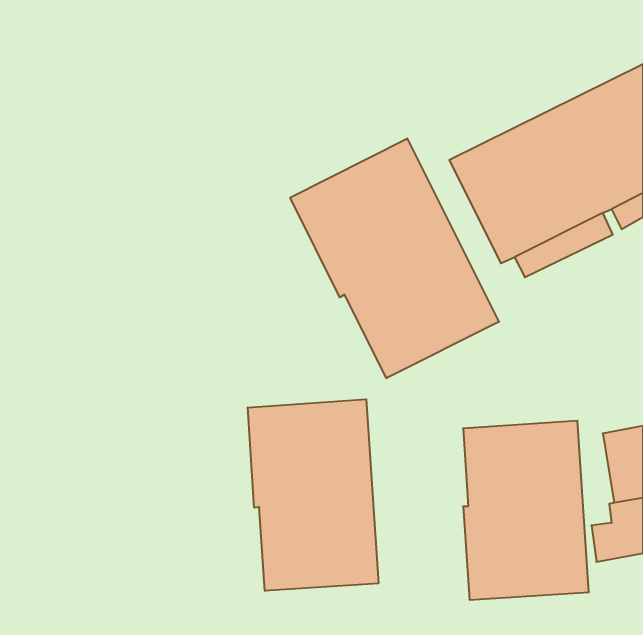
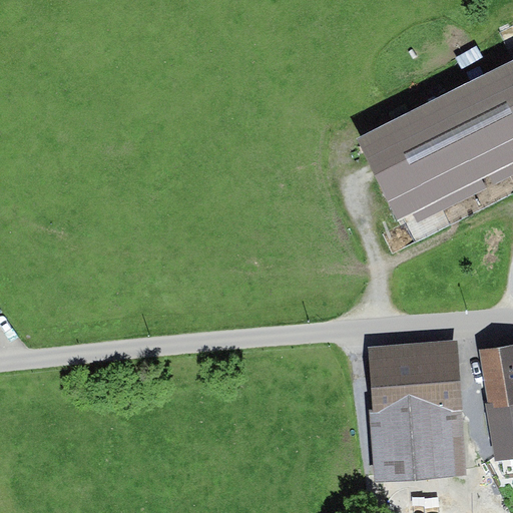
building: [290,138,499,378] -> none
building: [248,399,378,591] -> none

